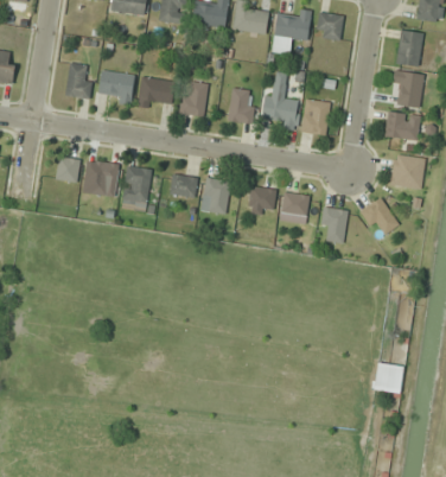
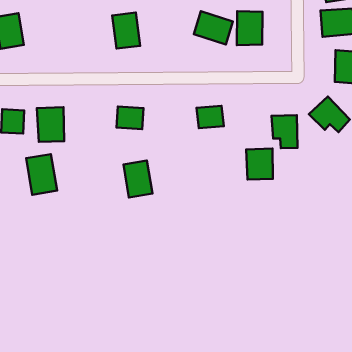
building: [98,71,133,103] -> none
building: [136,76,173,108] -> none
building: [227,88,255,123] -> none
building: [123,167,148,204] -> [26,154,57,195]
building: [204,179,228,212] -> [123,160,152,197]
building: [279,191,308,224] -> [246,149,273,179]

